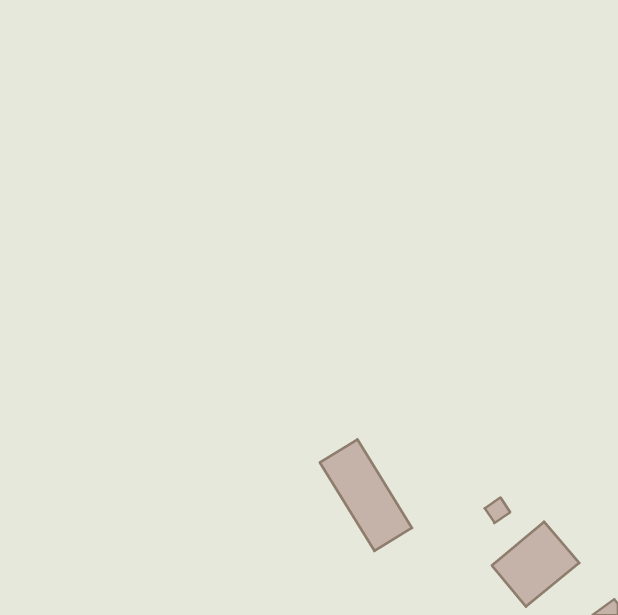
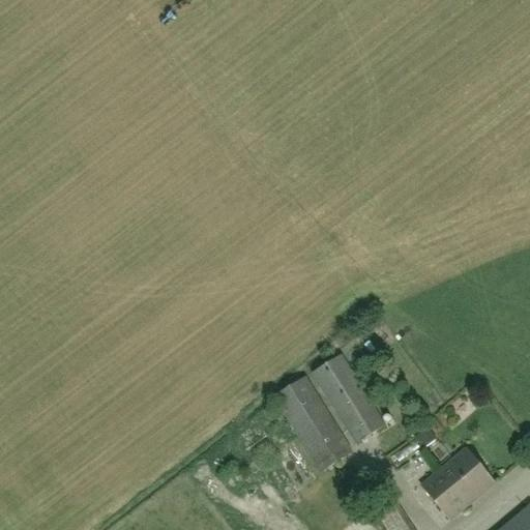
building: none -> [311,355,383,443]

